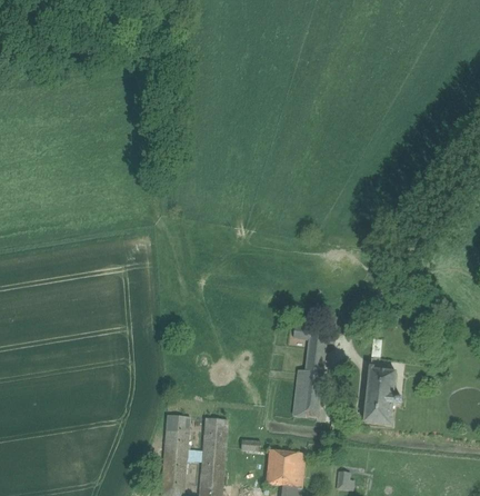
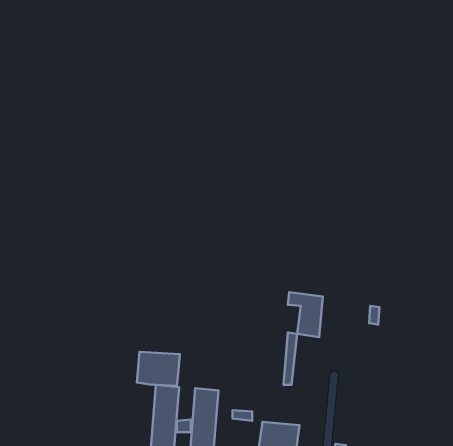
building: [297,366,323,418] -> none
building: [364,367,396,426] -> none
building: none -> [137,352,180,386]

